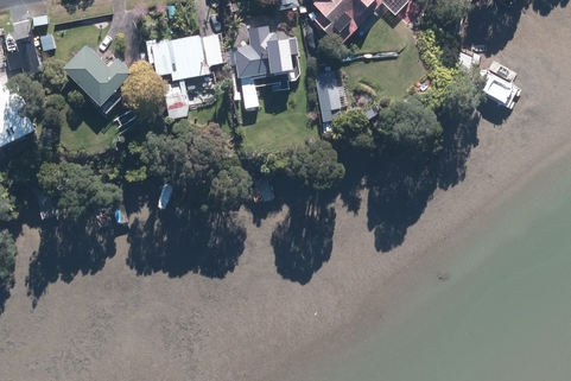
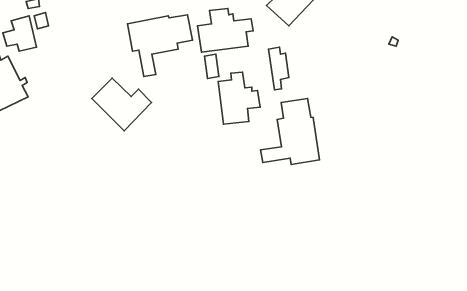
building: [61,44,131,106] -> [92,78,152,131]
building: none -> [218,72,260,124]
building: none -> [261,98,320,164]

